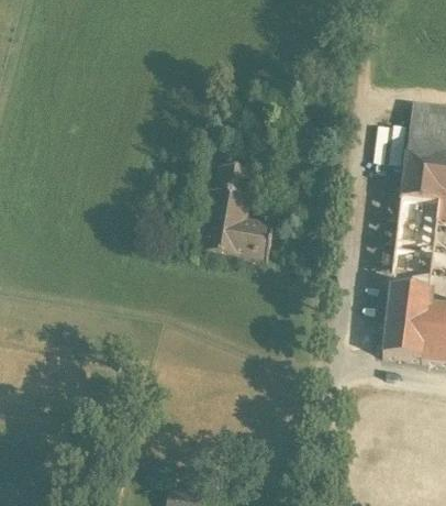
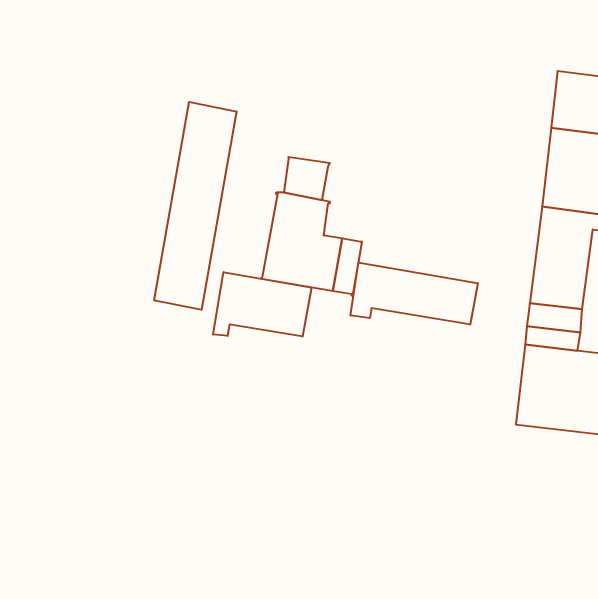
building: none -> [154,102,237,310]
building: none -> [351,263,478,325]
building: none -> [213,272,312,337]

